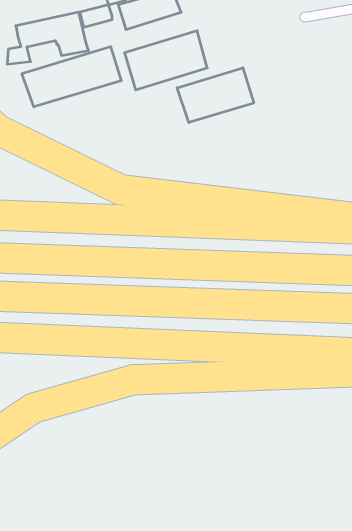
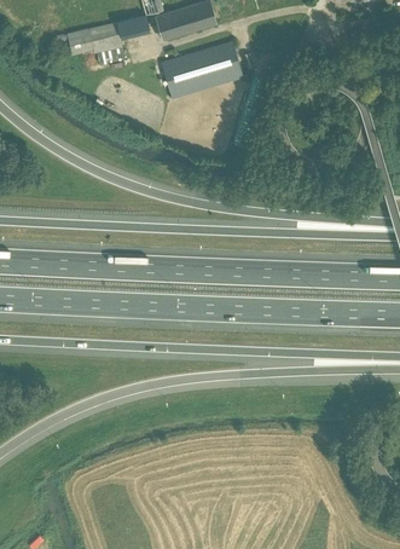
building: [22,47,121,107] -> none
building: [177,68,254,123] -> none

